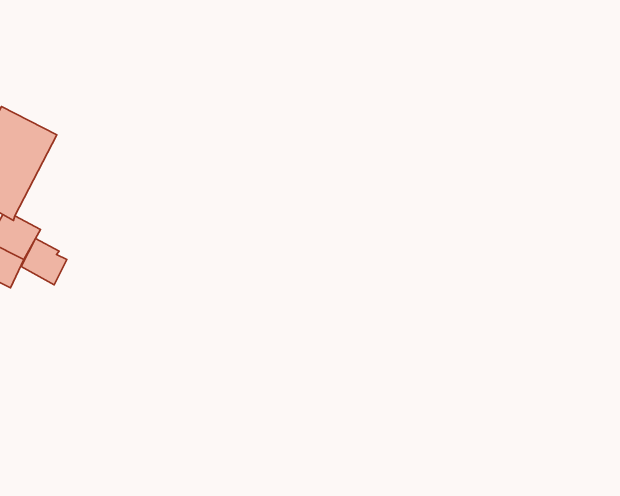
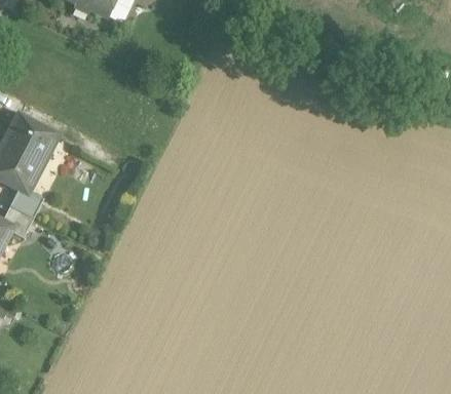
building: [21,238,67,285] -> none

